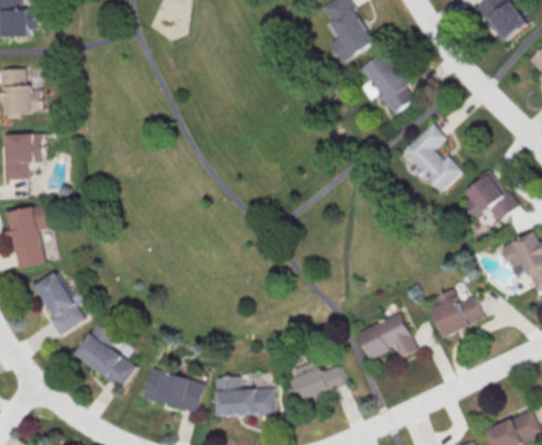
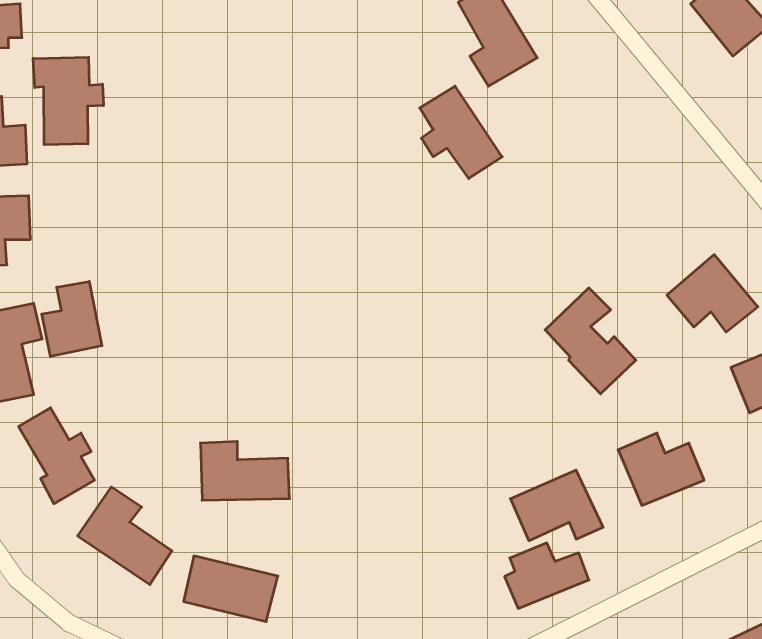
building: none -> [33,57,103,145]
building: [361,53,415,113] -> [420,86,502,179]
building: [403,123,463,193] -> [545,288,636,394]
building: none -> [42,281,102,357]
building: [290,359,345,402] -> [505,543,589,608]
building: [216,377,274,415] -> [200,441,290,500]

